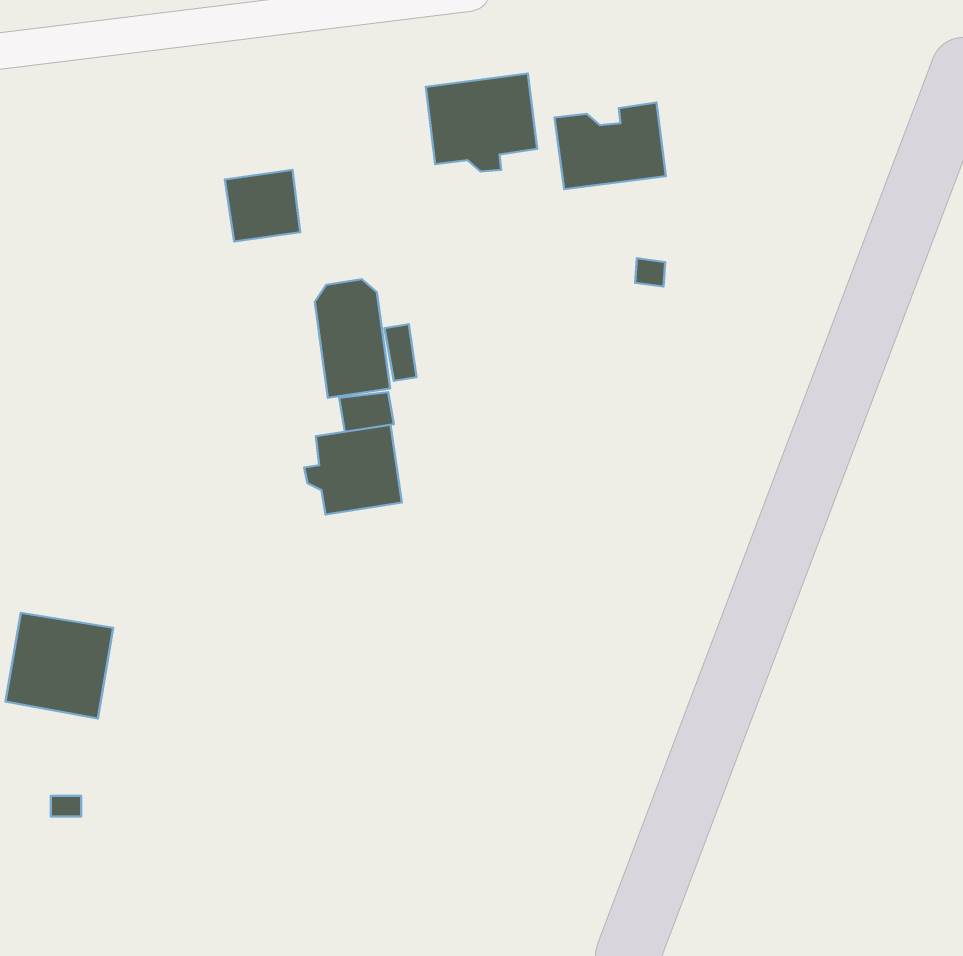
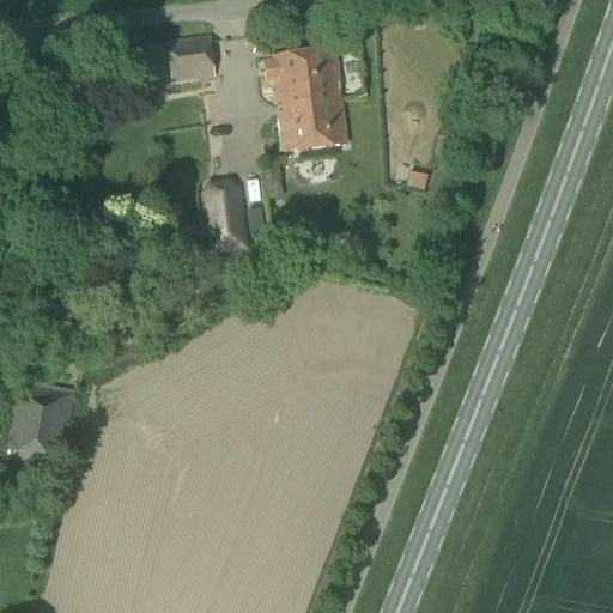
building: [555,102,666,189] -> [277,95,347,150]
building: [225,170,300,242] -> [165,34,213,79]
building: [304,425,402,514] -> none

